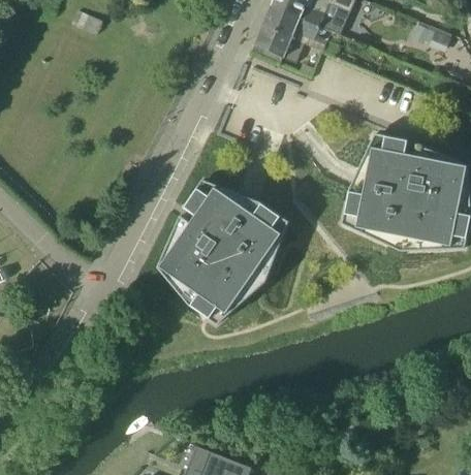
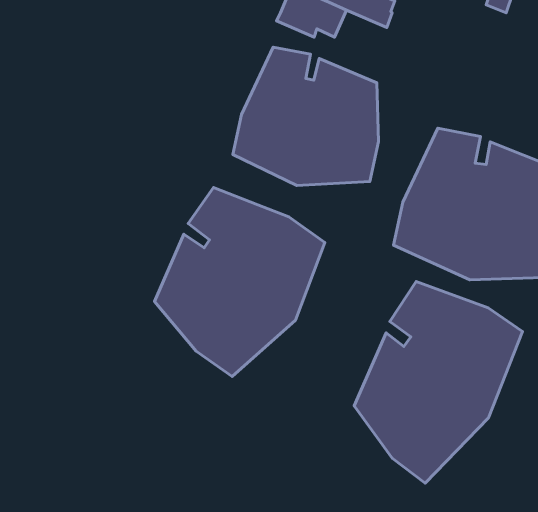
building: none -> [233,47,378,186]
building: none -> [354,282,522,483]

